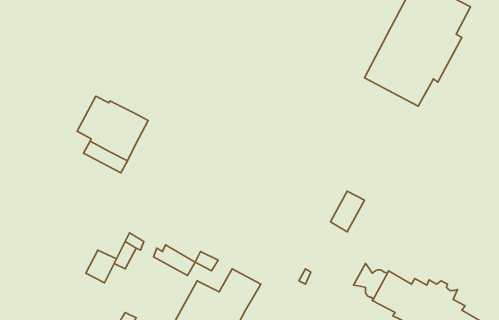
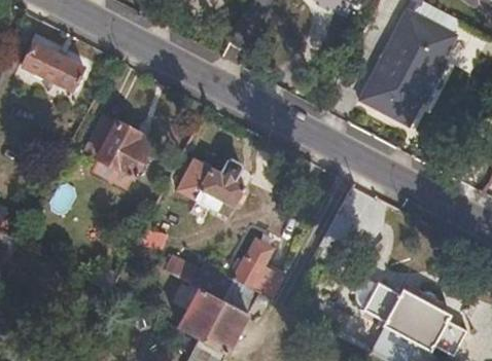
building: none -> [22,42,85,94]
building: none -> [175,157,244,218]
building: none -> [232,237,283,300]

